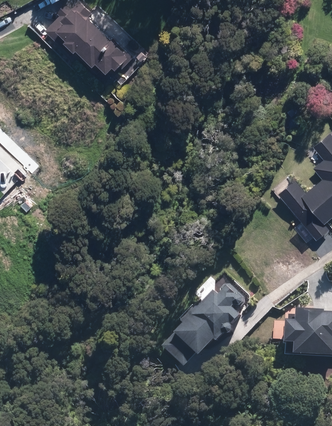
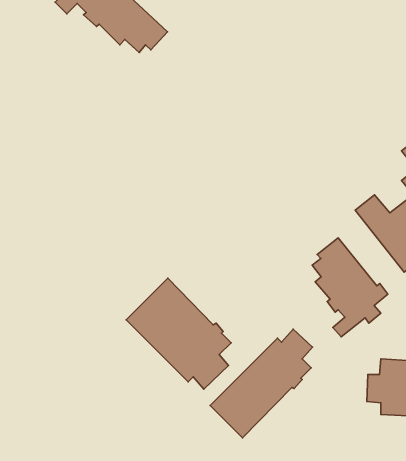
building: none -> [312,238,388,337]
building: none -> [126,278,231,389]

